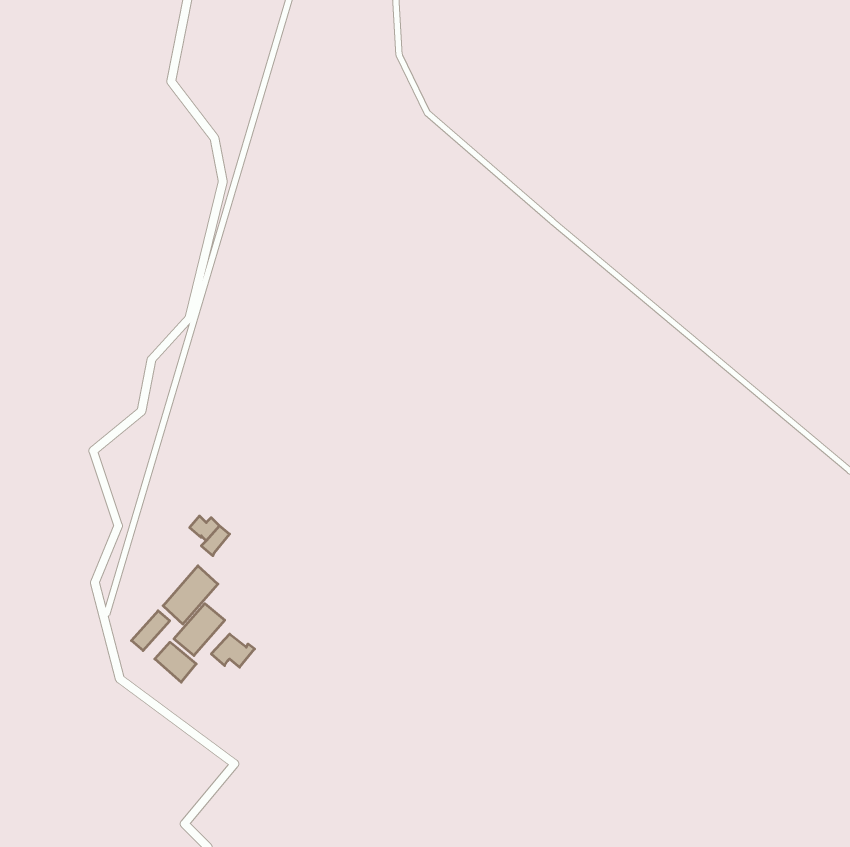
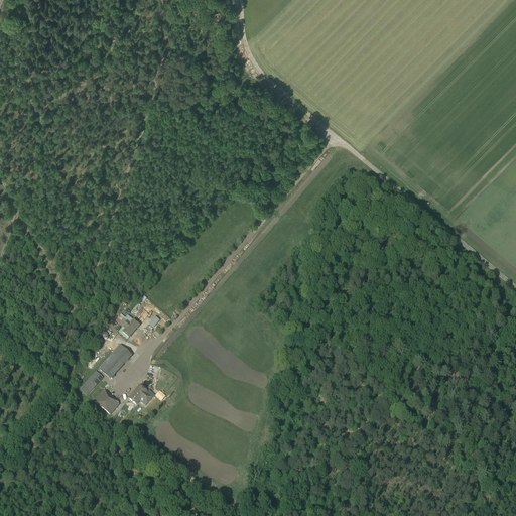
building: [174,604,225,656] -> none

